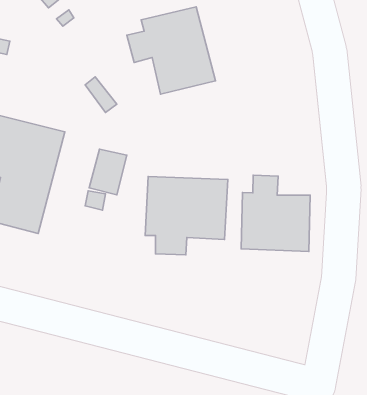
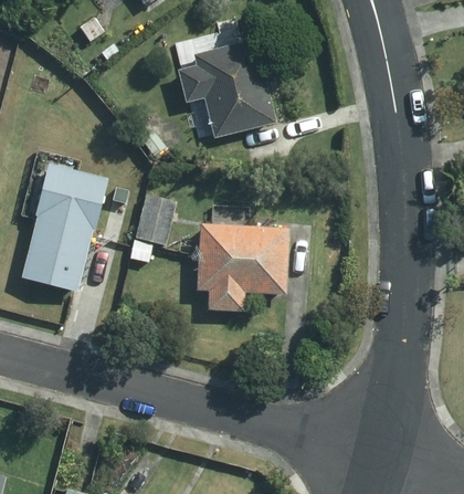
building: [241,175,310,252] -> none

